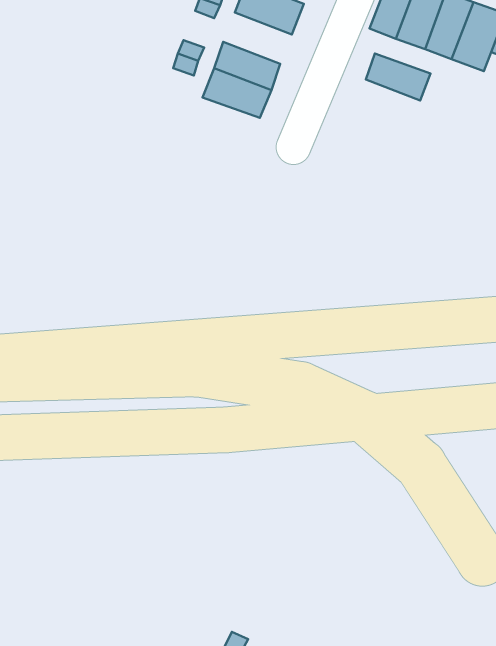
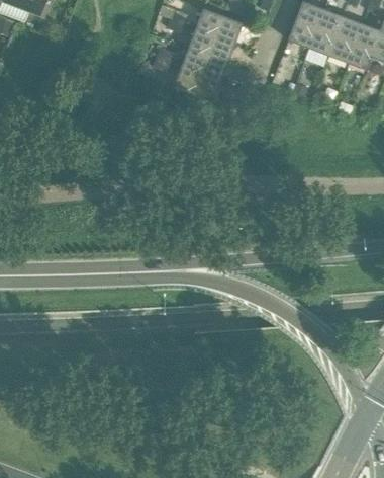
building: none -> [188,27,235,63]
building: [366,54,430,100] -> none

